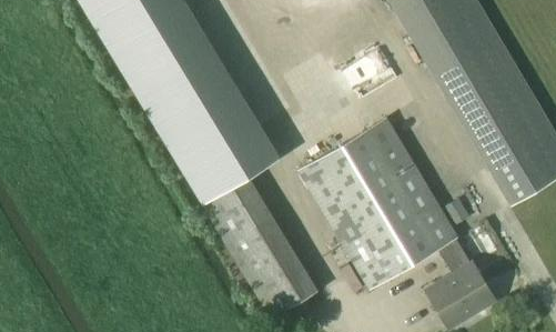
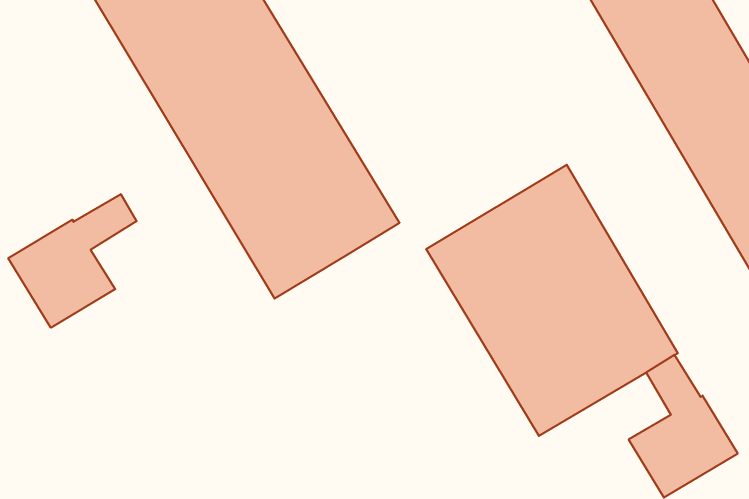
building: none -> [8,194,137,328]
building: [202,177,317,319] -> none

